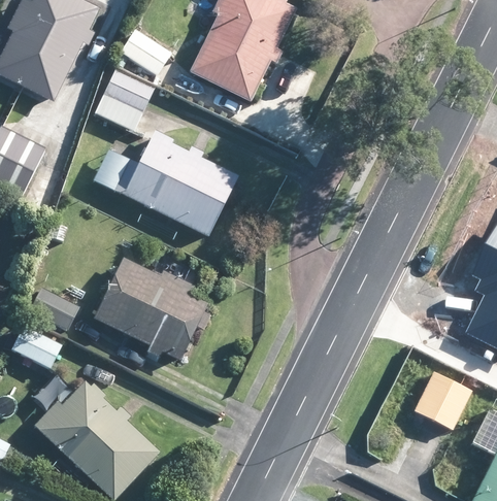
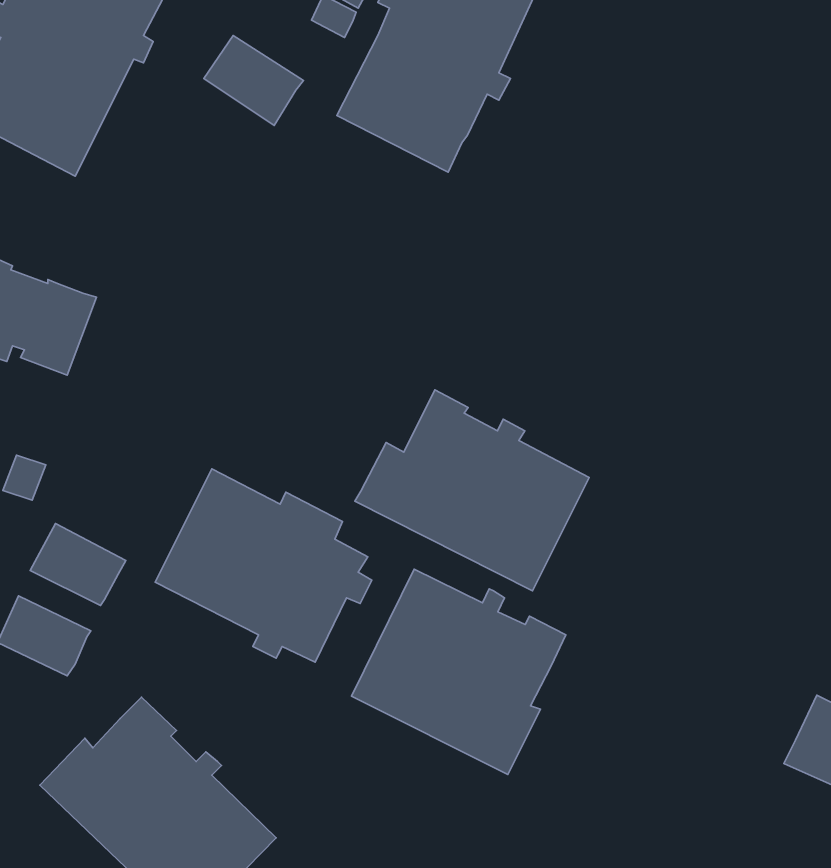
building: [95,71,152,130] -> none
building: [112,130,236,236] -> [355,390,589,591]
building: none -> [352,569,566,774]

